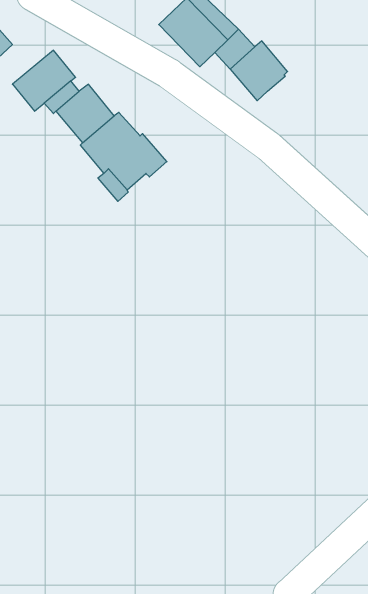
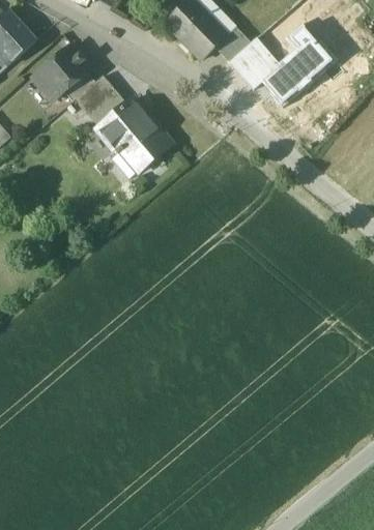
building: none -> [261,22,336,107]

